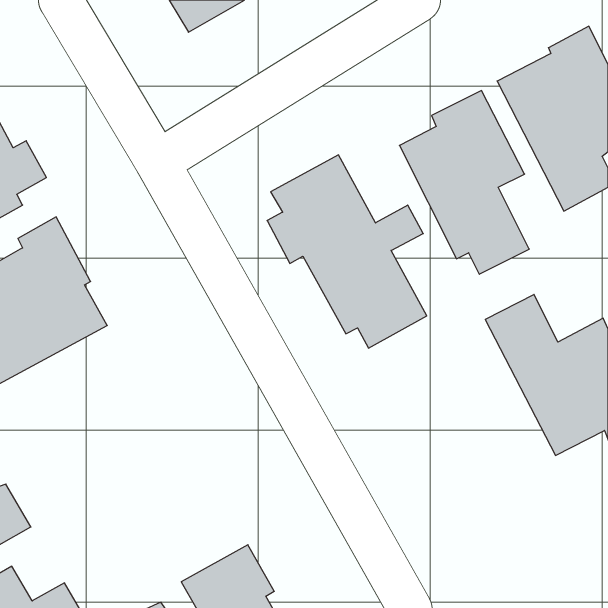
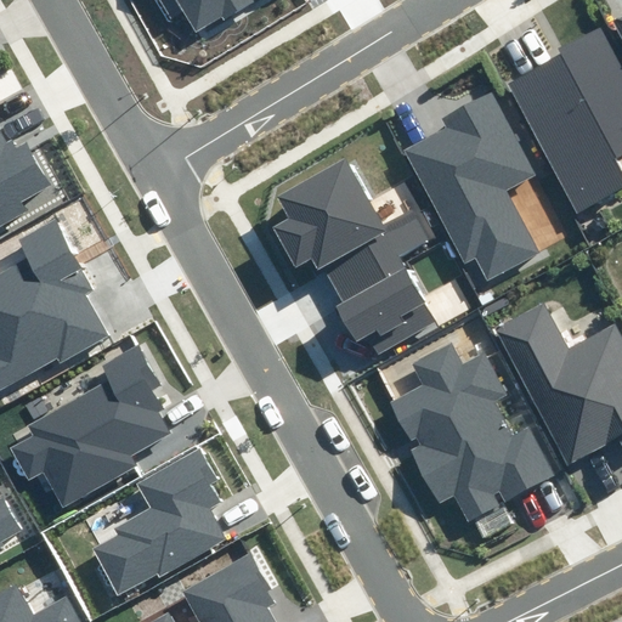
building: none -> [10,340,171,505]
building: none -> [386,340,554,521]
building: none -> [91,454,228,598]

